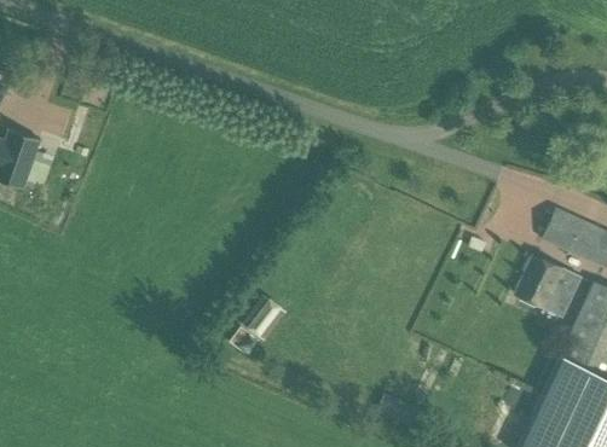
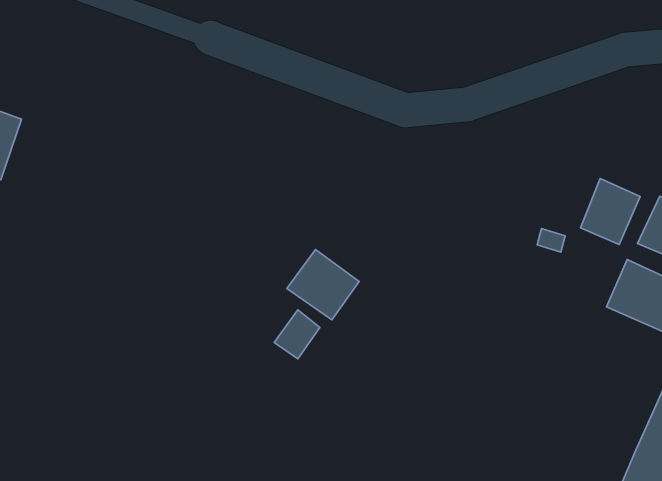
building: none -> [581,179,640,244]
building: none -> [287,249,359,320]

